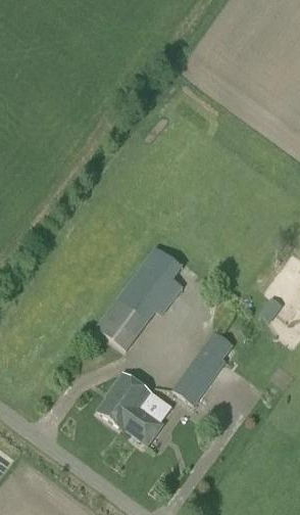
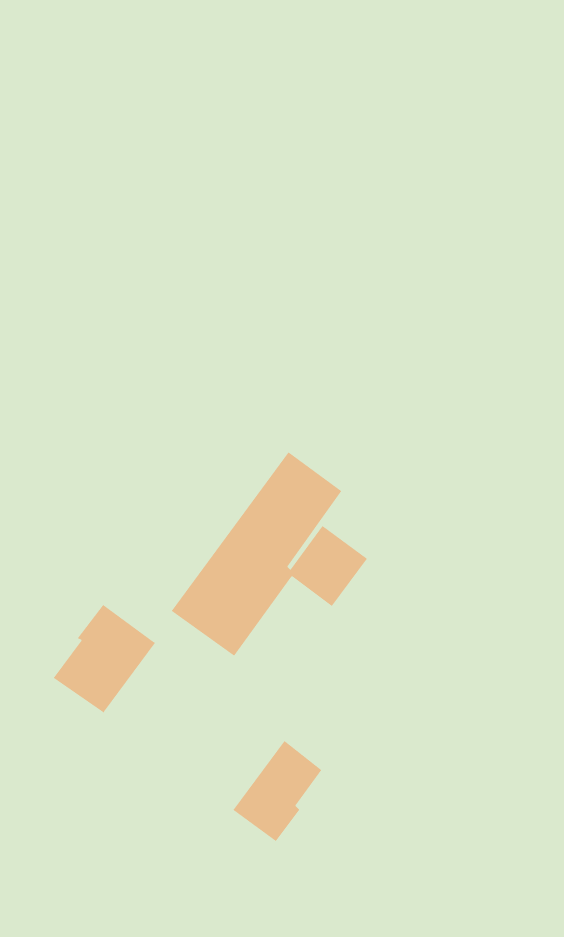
building: [171,343,227,404] -> none
building: [99,373,152,429] -> [53,604,156,714]

